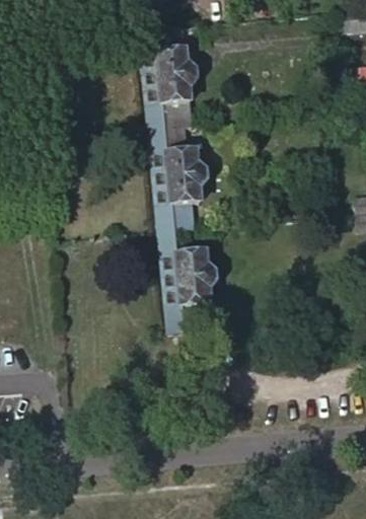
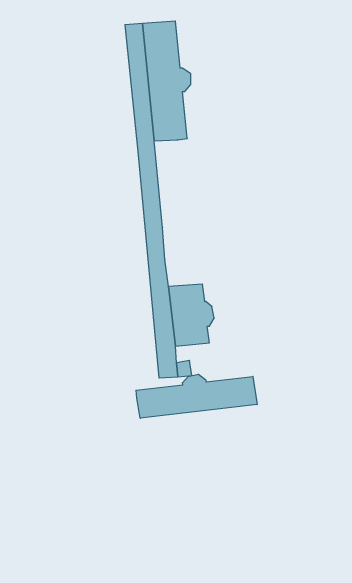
building: [164,129,206,205] -> none
building: none -> [136,374,257,418]

